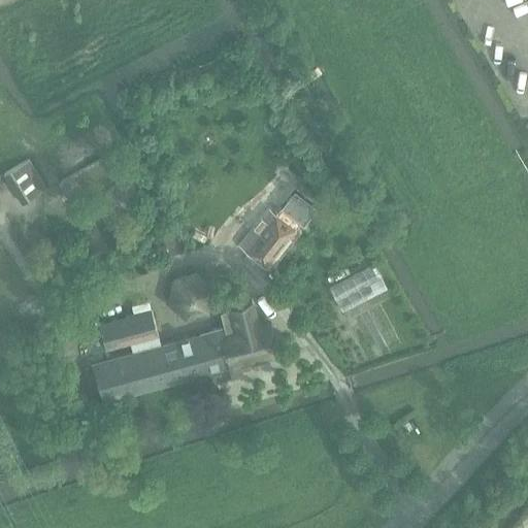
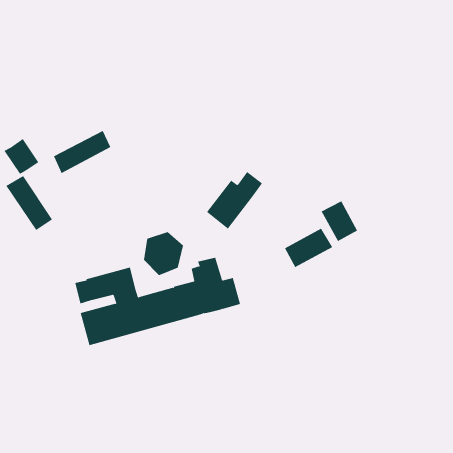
building: none -> [6,175,53,231]
building: none -> [321,201,358,242]

